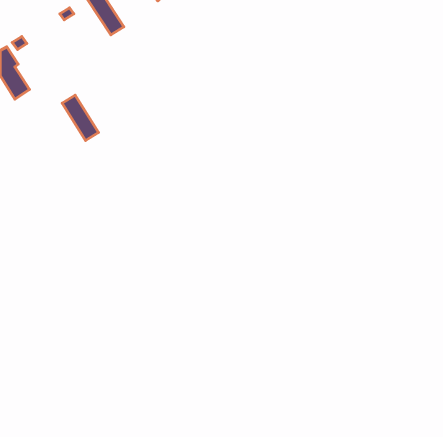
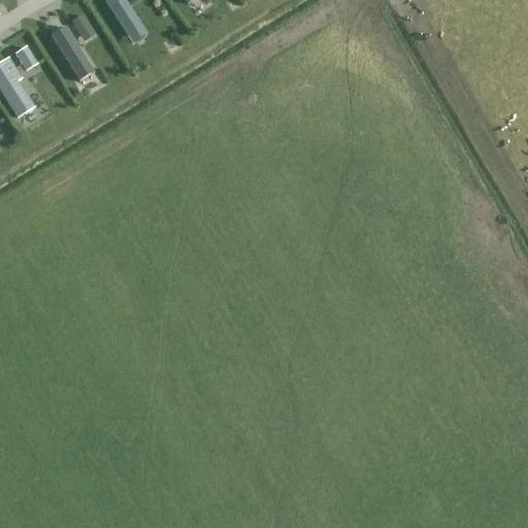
building: [62,95,99,140] -> [51,25,94,78]

